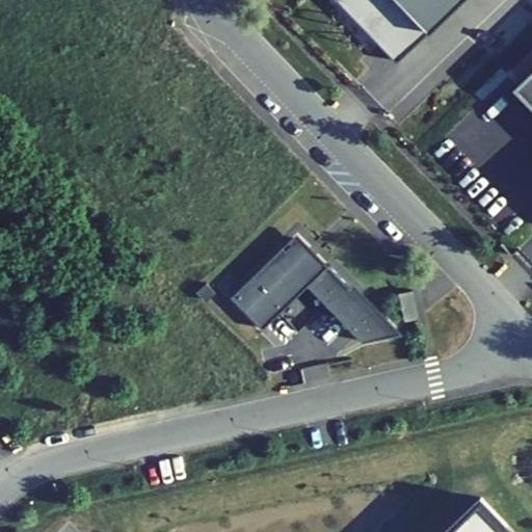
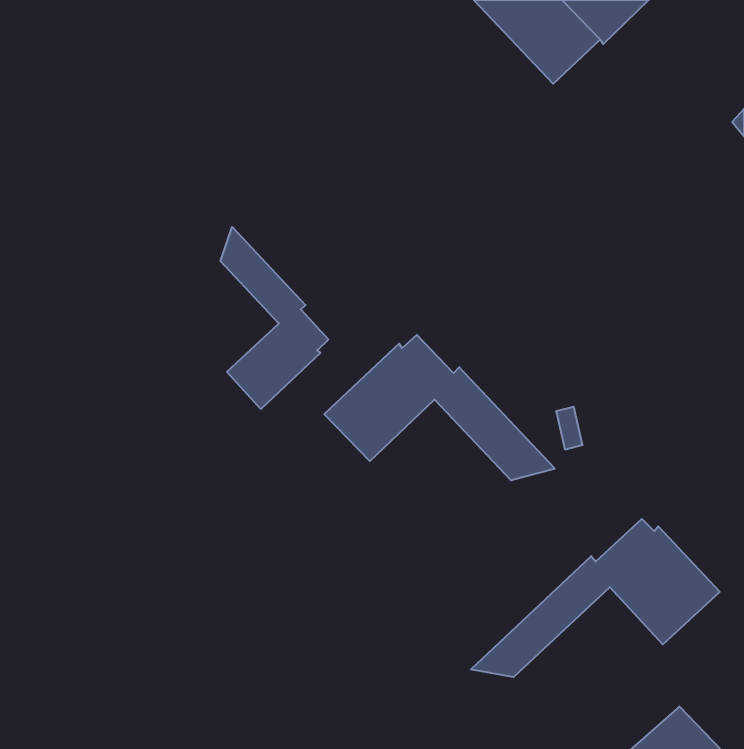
building: none -> [220,227,328,409]
building: none -> [471,519,720,677]

